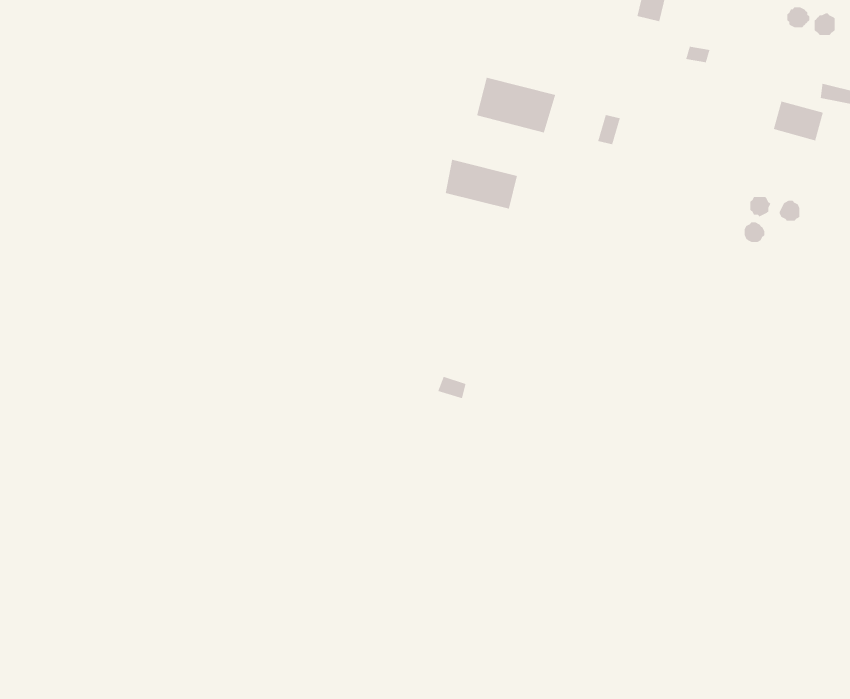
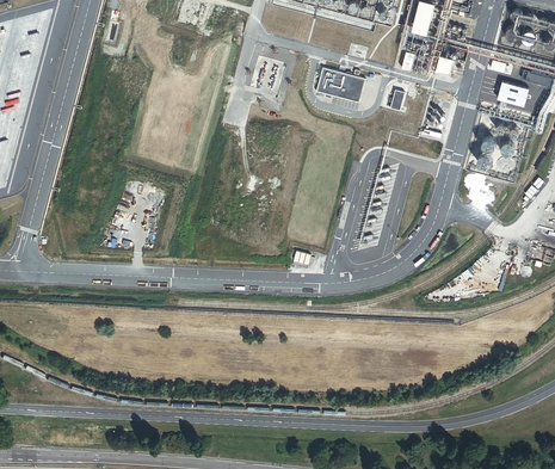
building: [445,159,518,209] -> none

